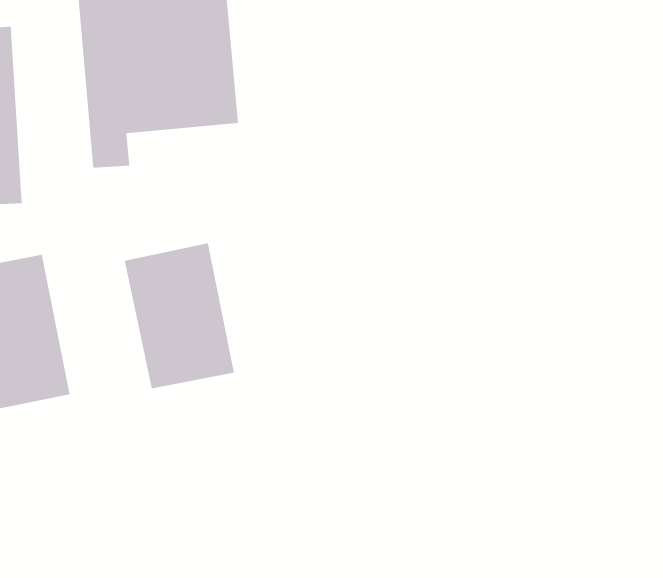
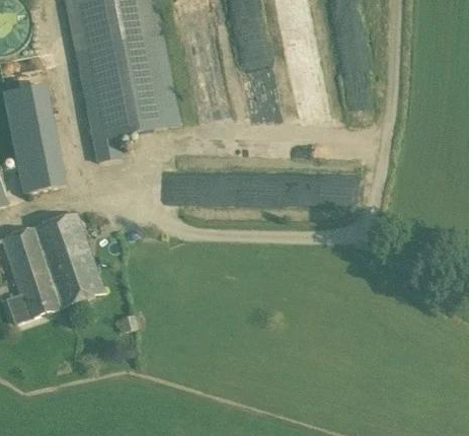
building: [124,242,234,389] -> none

